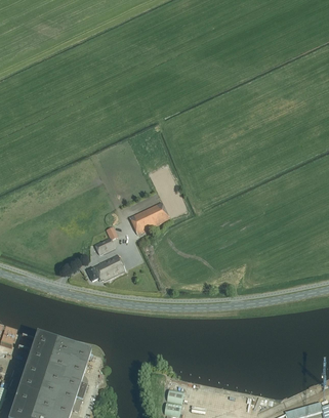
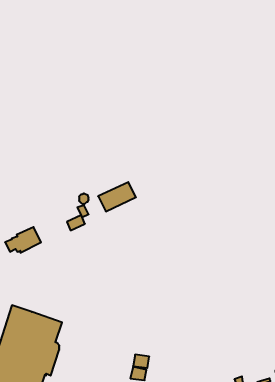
building: [87,251,126,279] -> [5,227,41,253]

